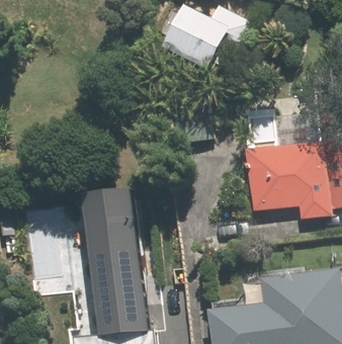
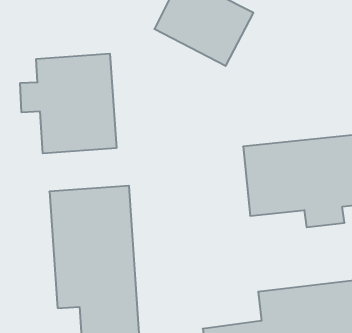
building: none -> [20,54,116,153]

